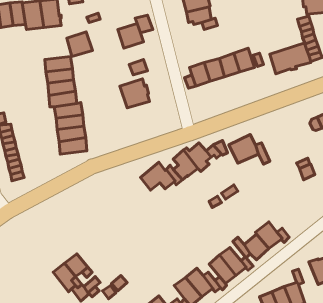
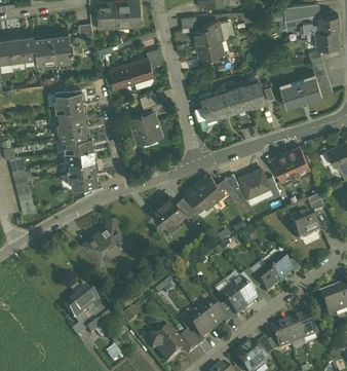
building: [67,32,92,57] -> [109,62,134,86]
building: none -> [271,145,309,180]
building: none -> [291,211,319,238]
building: none -> [82,217,131,263]

